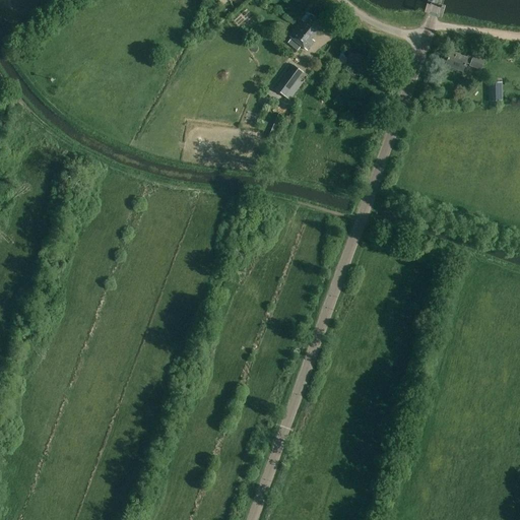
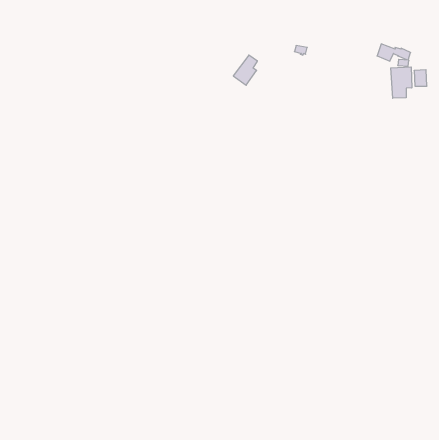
building: [288,13,325,51] -> none
building: none -> [391,67,412,98]

